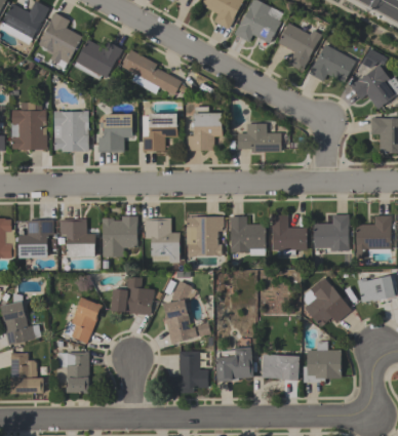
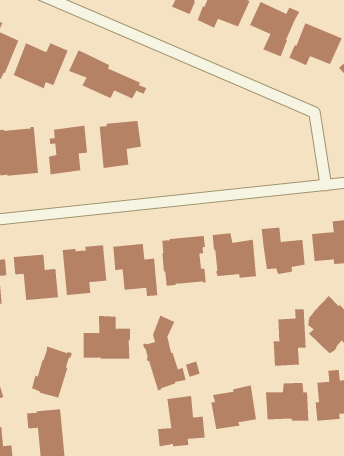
building: [188,106,222,151] -> none
building: [238,123,281,152] -> none
building: none -> [273,308,306,366]

